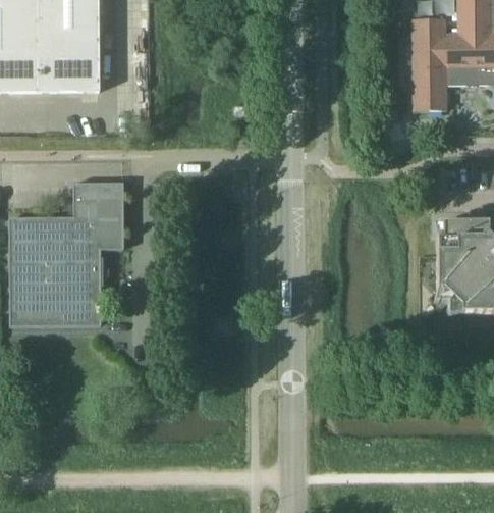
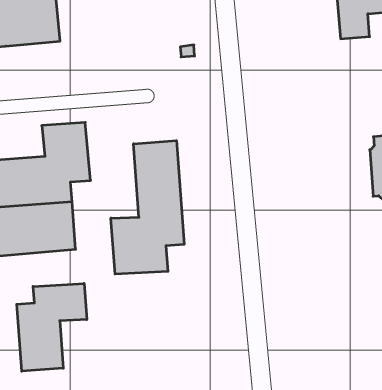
building: none -> [111,141,184,274]
building: none -> [17,283,87,371]

